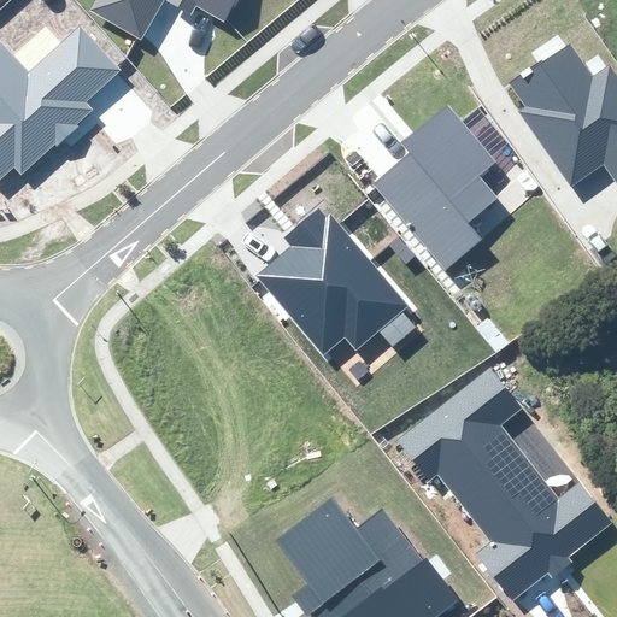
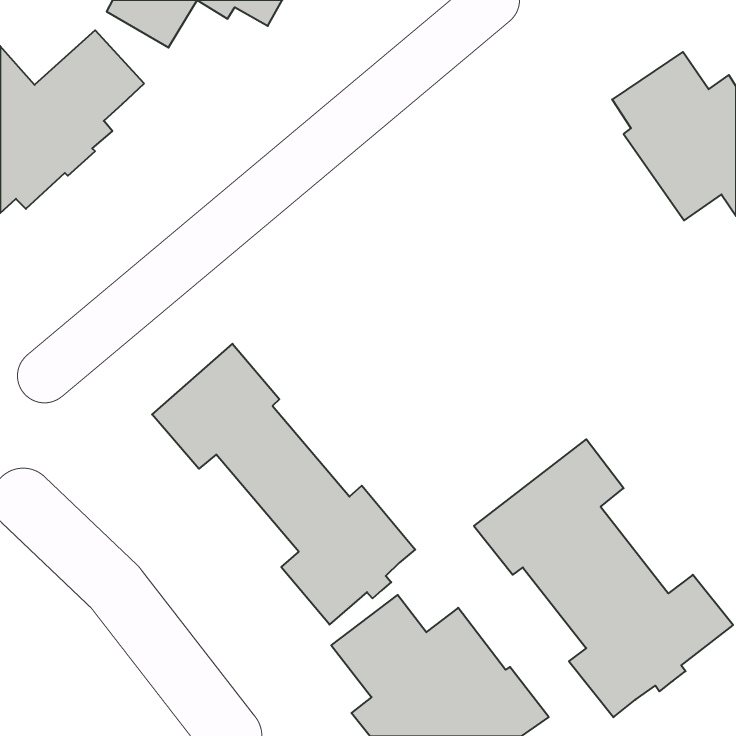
building: [374,102,498,269] -> none
building: [257,208,409,355] -> none
building: none -> [152,344,415,625]

